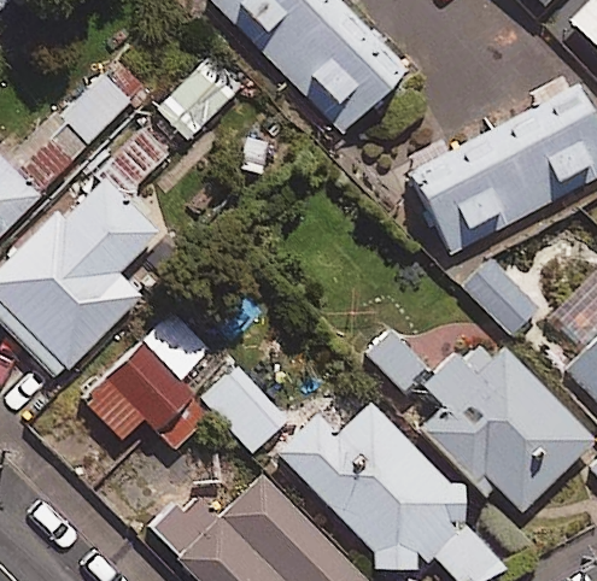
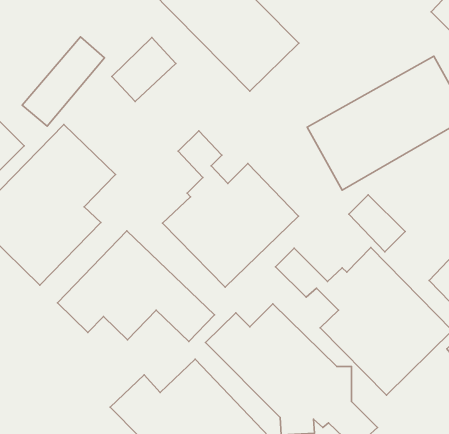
building: none -> [163,131,299,287]

